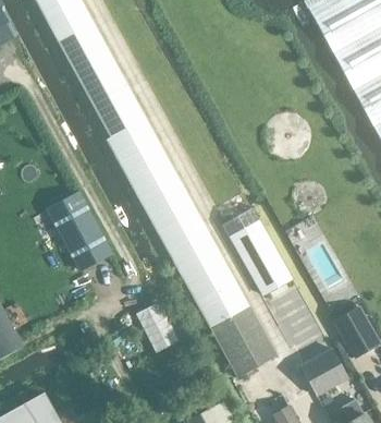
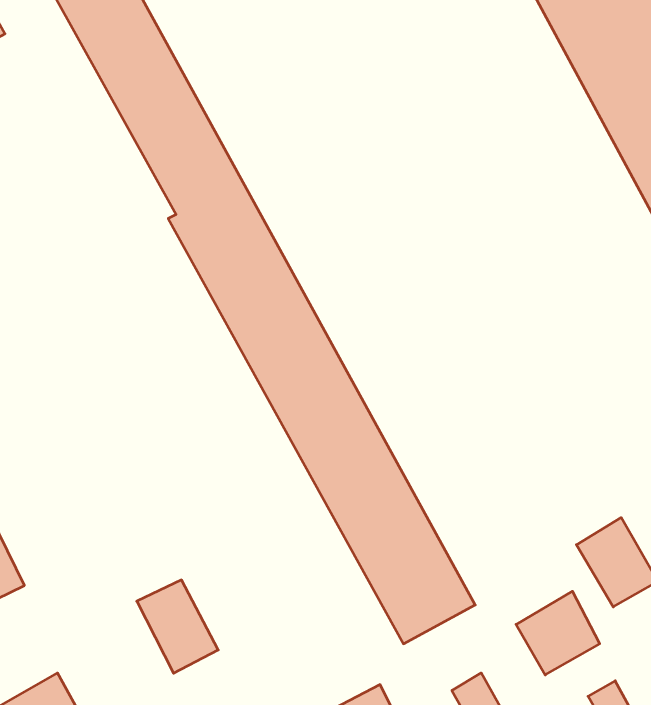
building: [47,192,110,270] -> none
building: [221,207,329,362] -> none
building: [136,298,182,350] -> [137,580,218,673]

